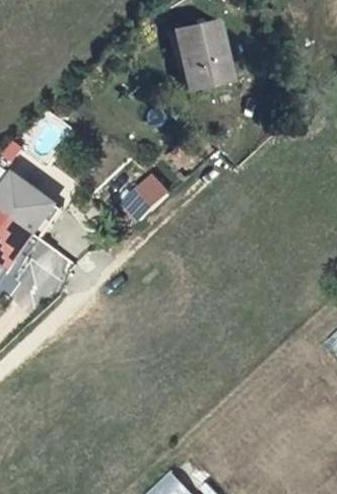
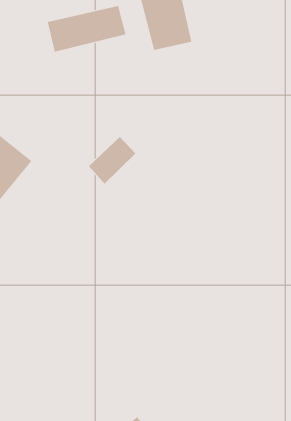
building: none -> [47,5,126,53]

